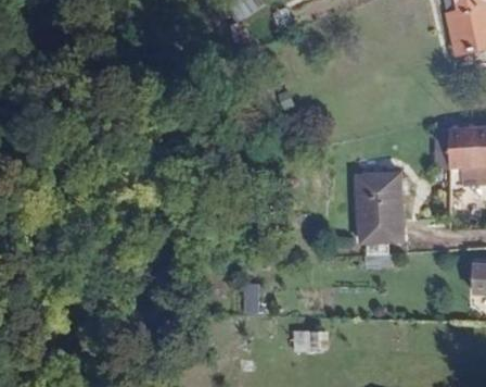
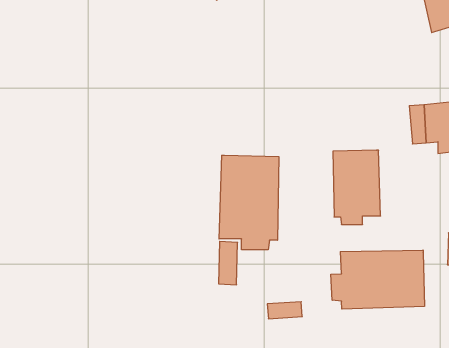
building: none -> [219,155,279,250]
building: none -> [331,250,424,309]

